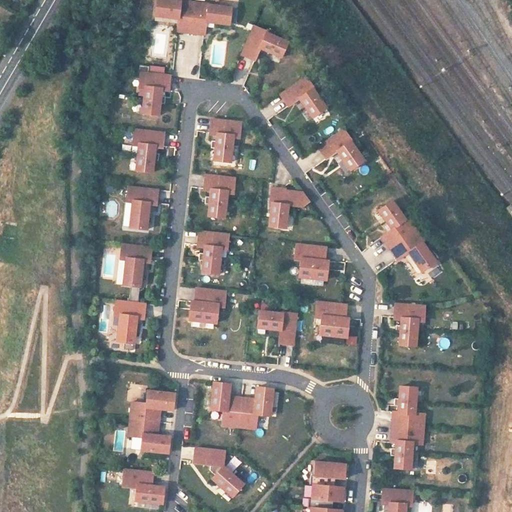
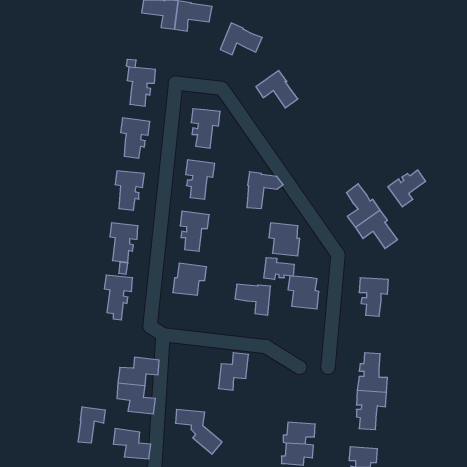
building: [317,130,363,171] -> none
building: none -> [388,170,426,207]
building: none -> [264,258,294,280]
building: [212,382,242,425] -> none
building: none -> [78,407,105,443]

